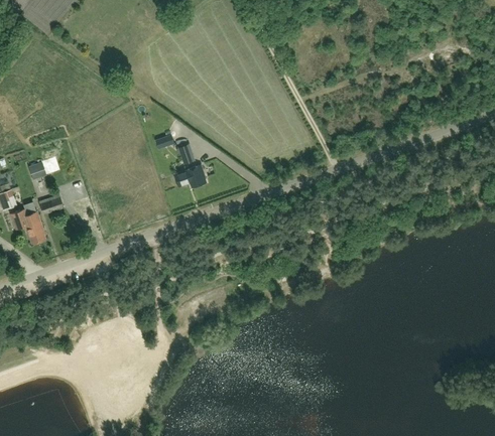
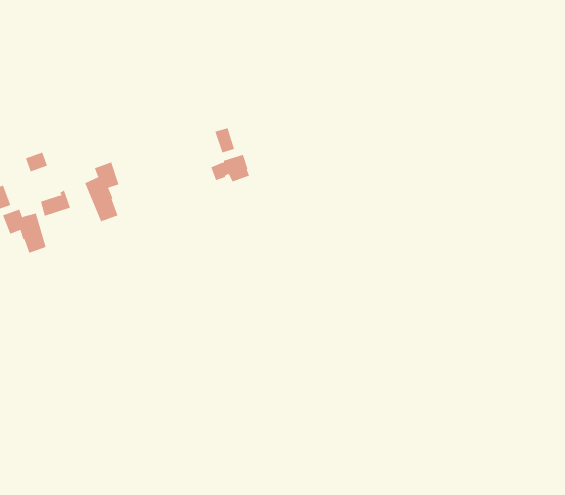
building: none -> [85,162,119,222]

